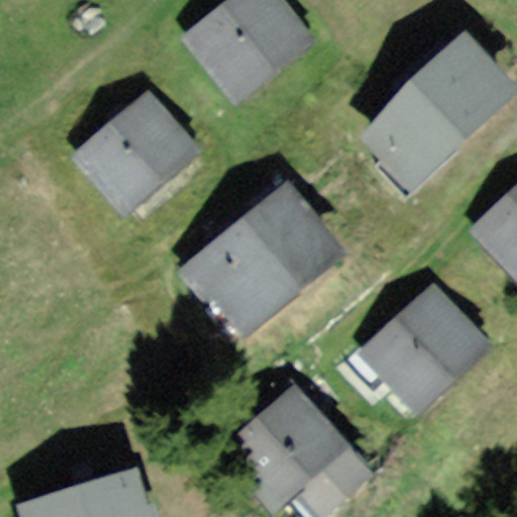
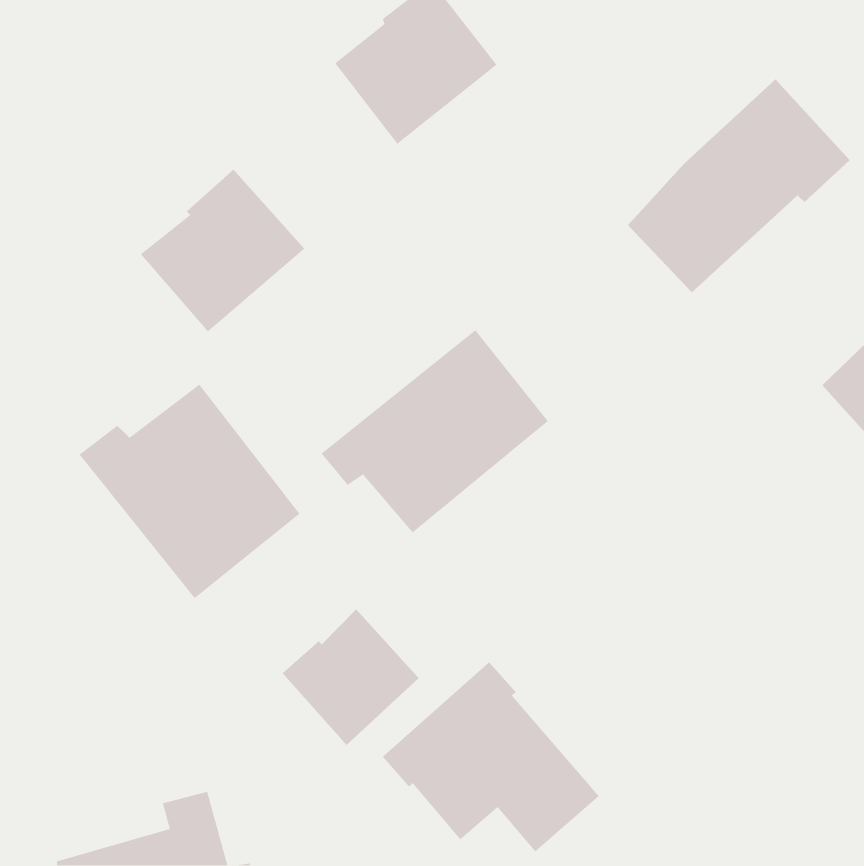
building: none -> [78,383,300,599]
building: [360,298,476,396] -> none
building: none -> [282,608,419,746]

